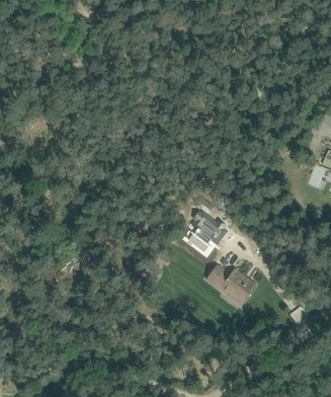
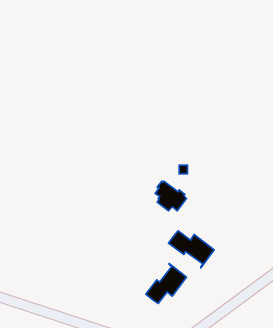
building: none -> [146,263,187,304]

